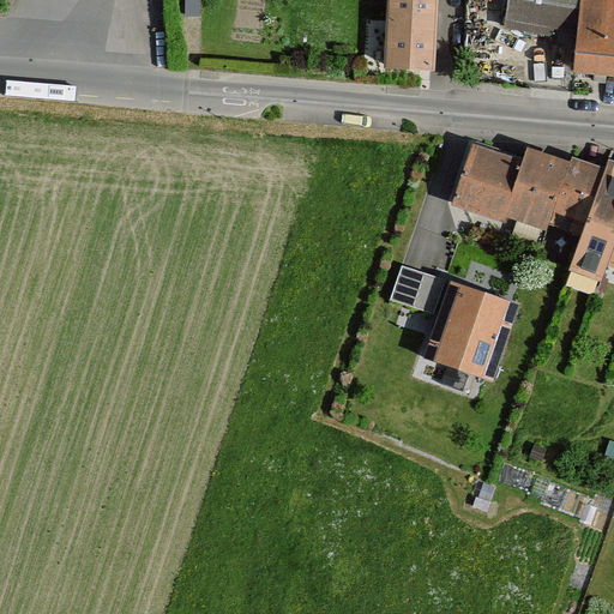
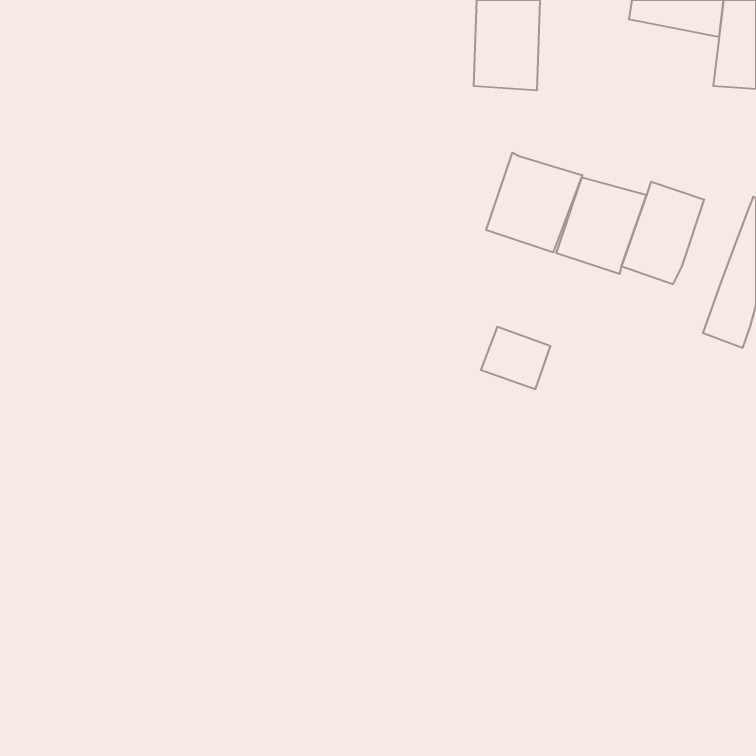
building: none -> [486,153,582,252]
building: [553,157,607,227] -> none
building: [425,282,520,383] -> none

